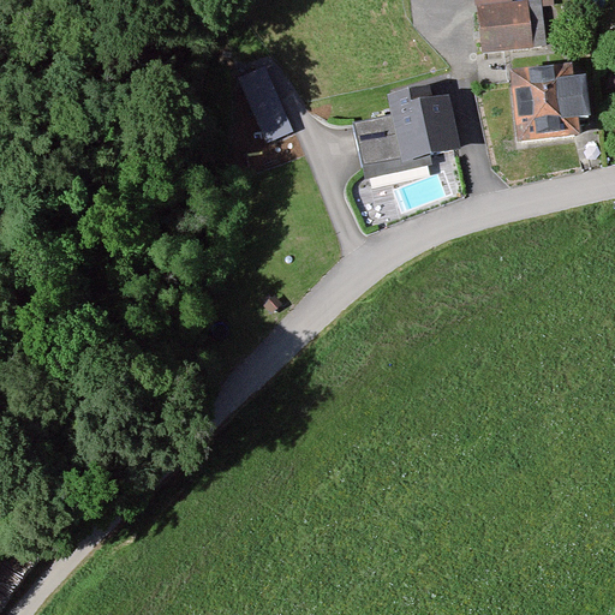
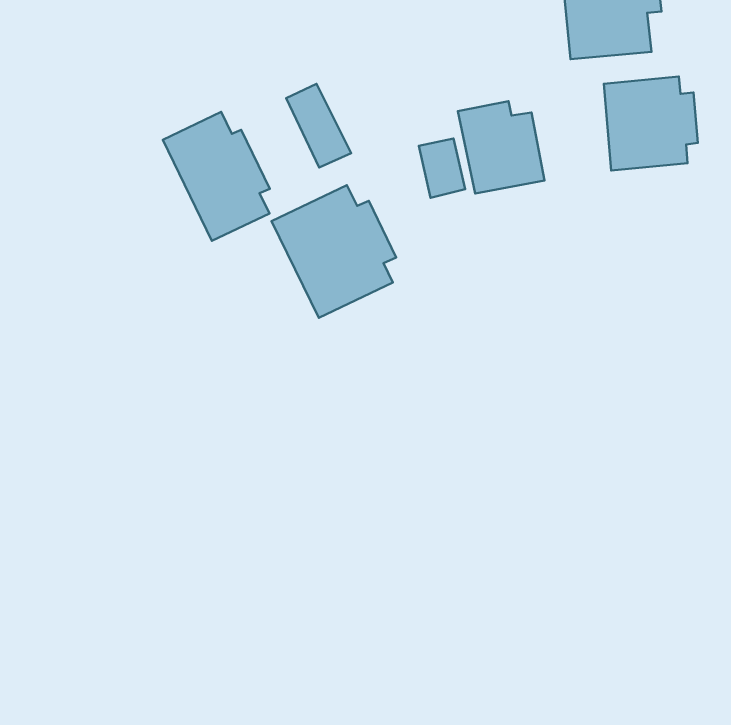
building: none -> [163,112,270,241]
building: none -> [271,185,396,318]

